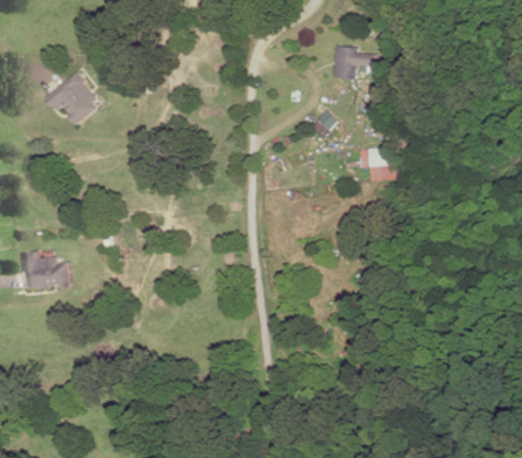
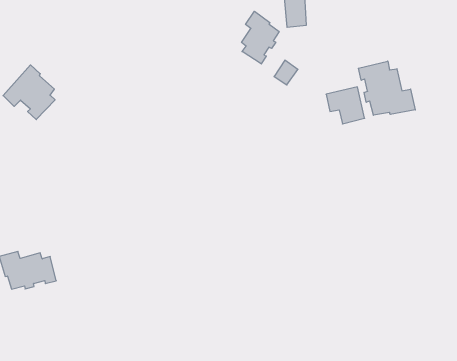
building: none -> [242,11,279,64]
building: none -> [358,61,415,115]

